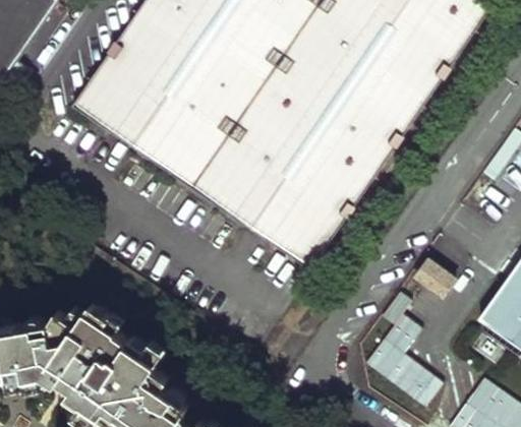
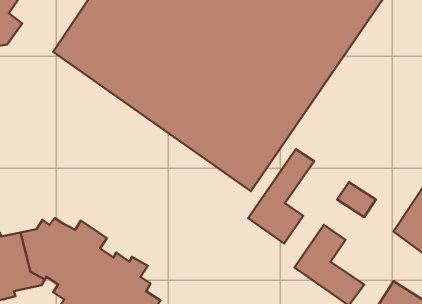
building: none -> [248,149,314,244]

